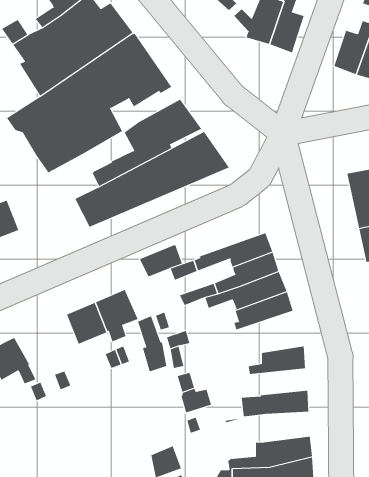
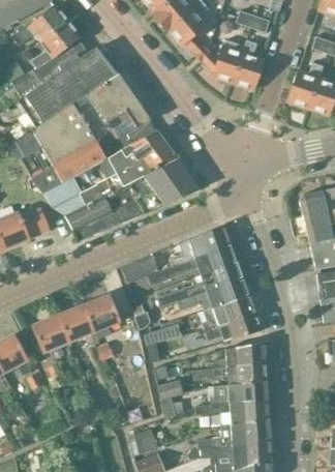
building: none -> [47,177,87,215]
building: none -> [8,208,50,242]
building: none -> [170,227,231,265]
building: none -> [205,312,262,343]
building: none -> [32,315,69,351]
building: none -> [193,361,267,384]
building: none -> [195,399,269,424]

